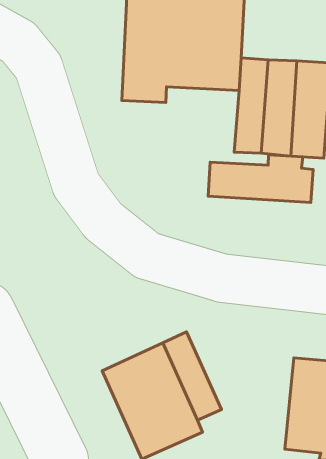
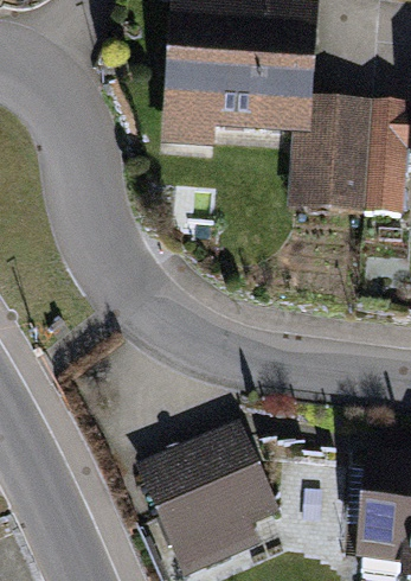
building: [208,155,313,203] -> none

